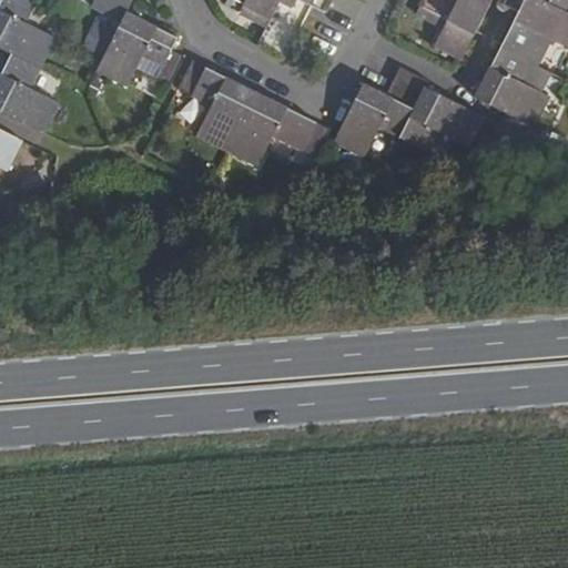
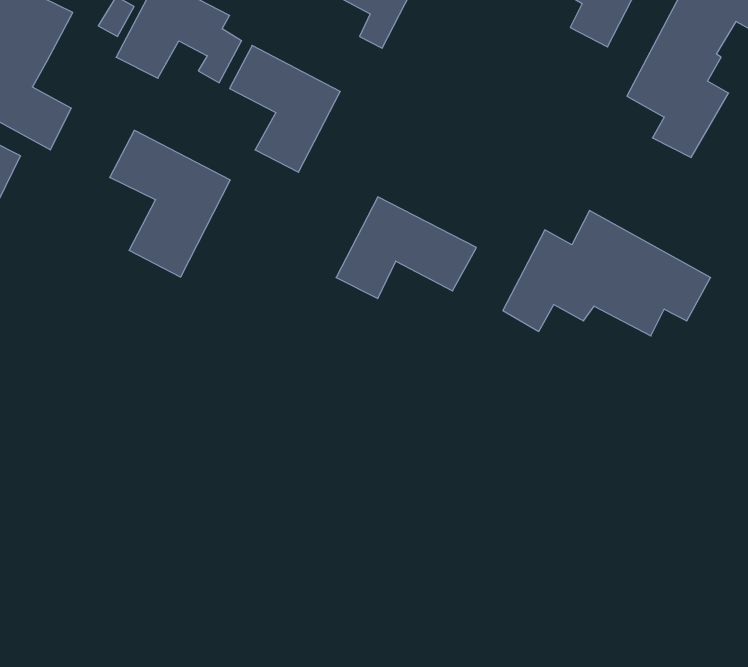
building: [334,68,488,161] -> [503,210,711,336]
building: [229,93,333,169] -> [336,197,476,298]
building: none -> [110,130,230,277]

